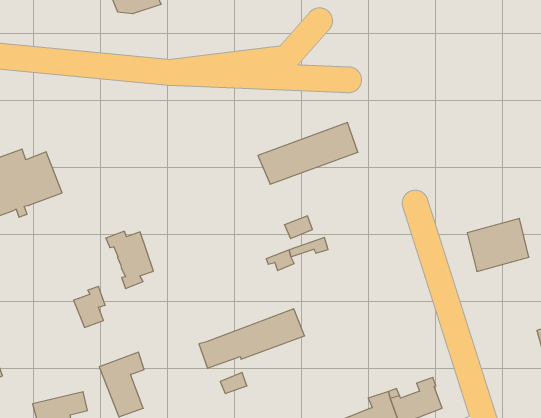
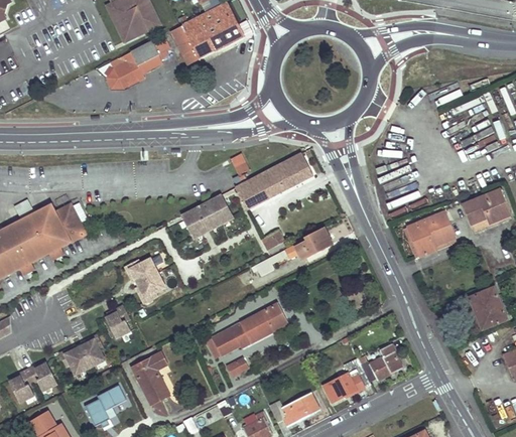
building: none -> [181,195,232,238]
building: none -> [301,227,332,256]
building: none -> [59,333,104,374]

